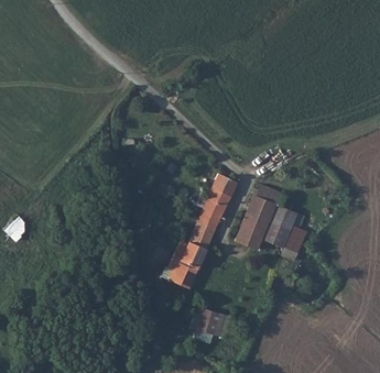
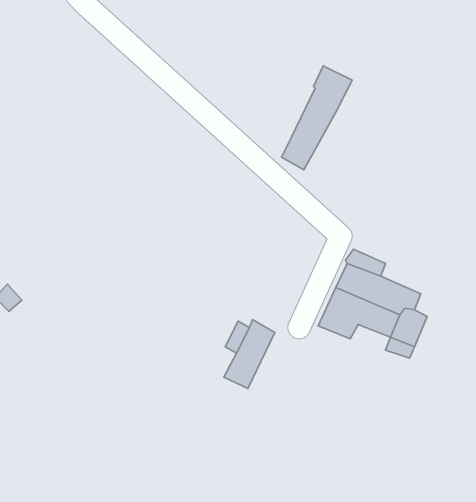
building: [189,174,238,245] -> [282,66,352,170]
building: [192,310,232,342] -> none

